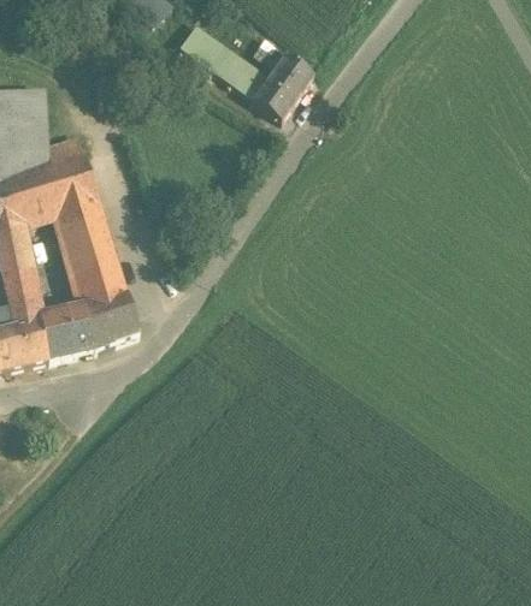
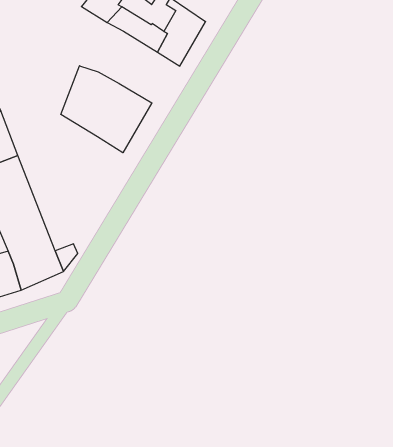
building: none -> [61,66,152,153]

